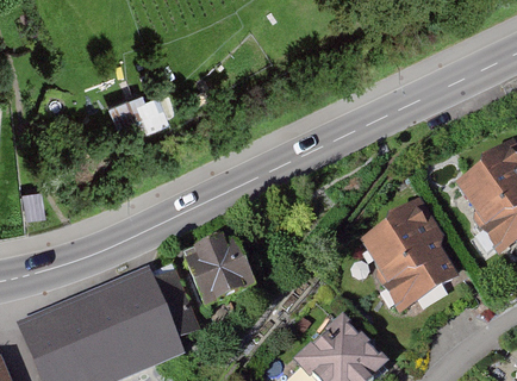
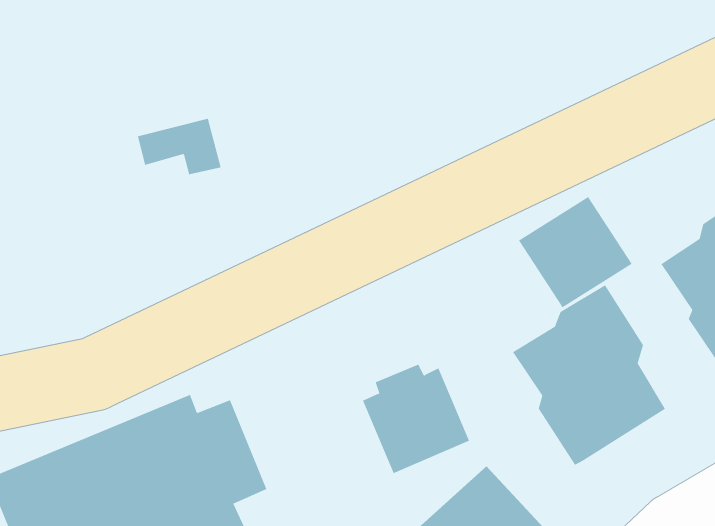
building: none -> [518,196,632,308]
building: [185,236,255,307] -> [362,364,470,474]

